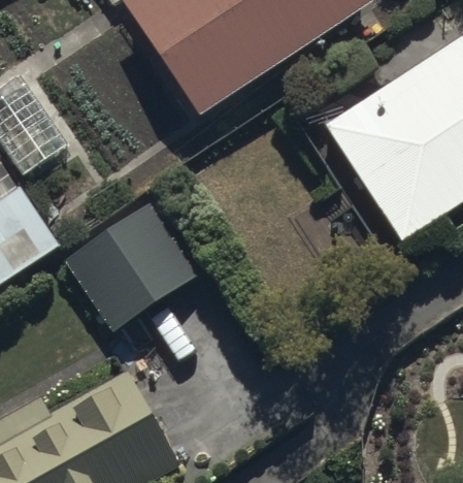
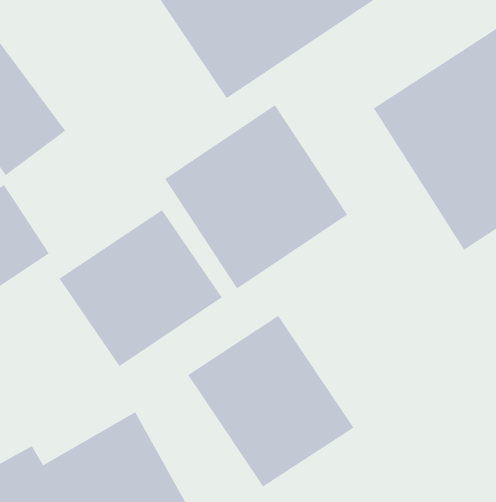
building: none -> [164,104,348,289]
building: none -> [187,315,354,488]

